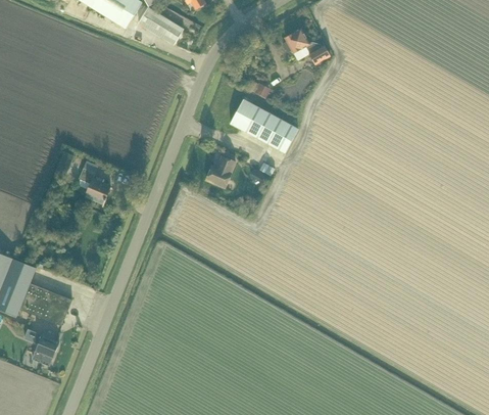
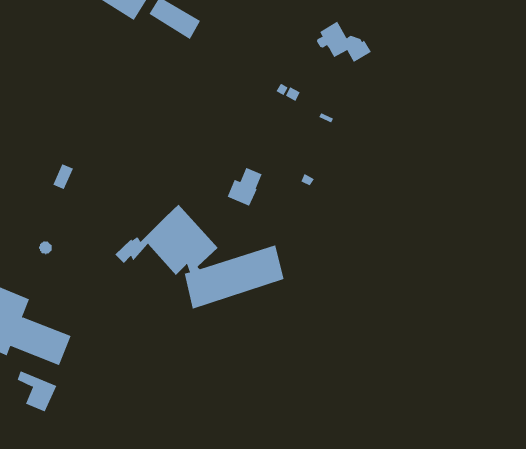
building: [230,98,297,151] -> none
building: [79,167,111,202] -> none
building: none -> [115,204,284,309]

